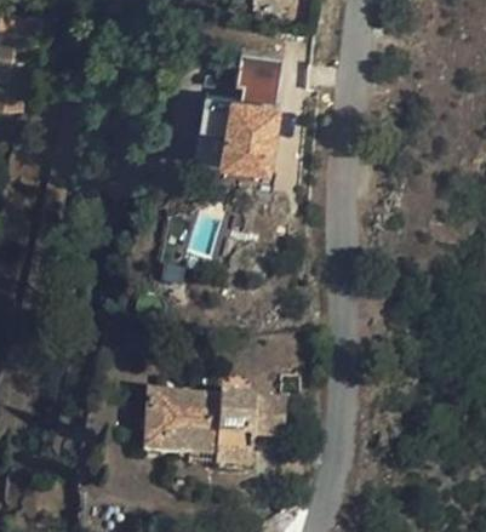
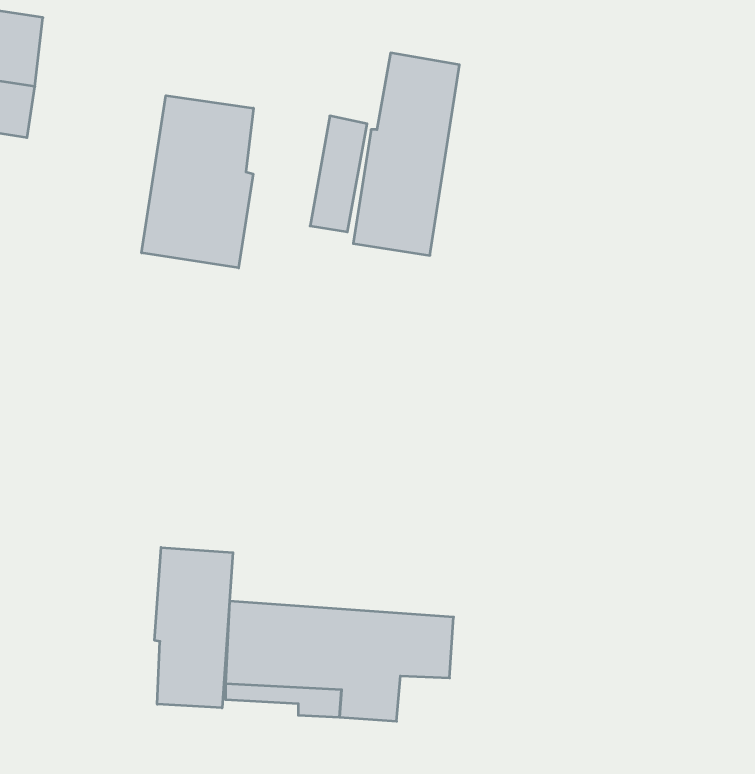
building: none -> [142,96,253,268]
building: none -> [155,547,233,708]

